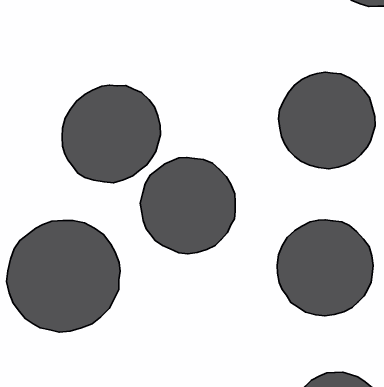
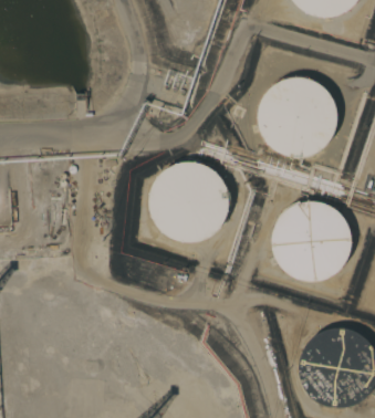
building: [62,85,160,183] -> none
building: [6,220,120,332] -> none

